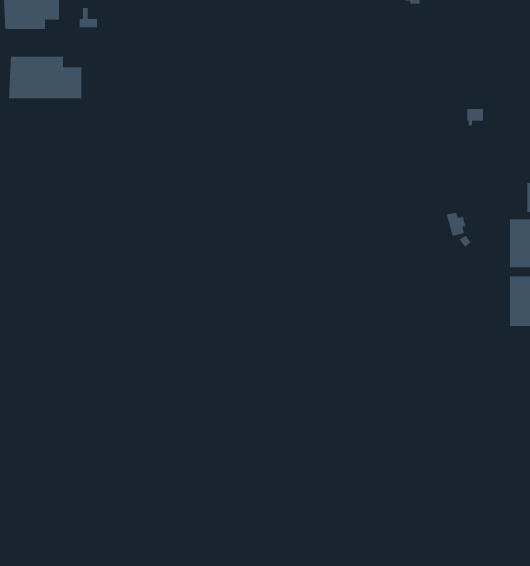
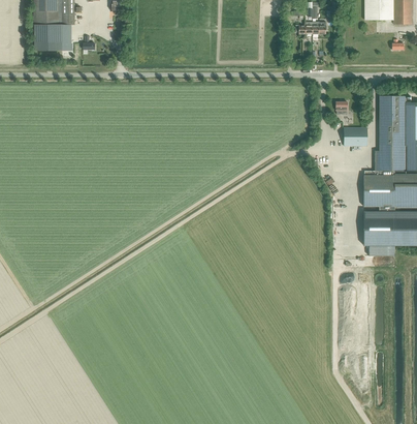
building: [9,56,82,99] -> none
building: none -> [345,128,367,146]

